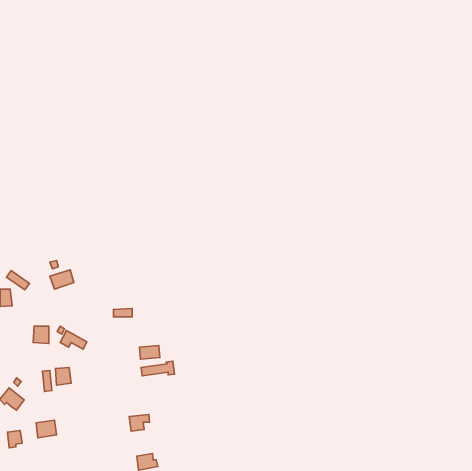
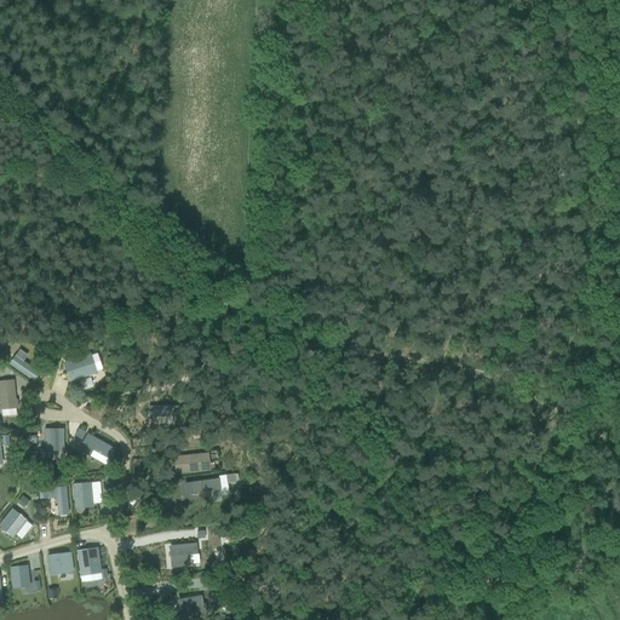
building: none -> [78,547,107,580]

